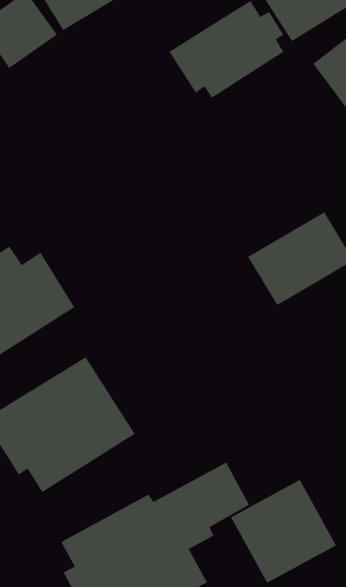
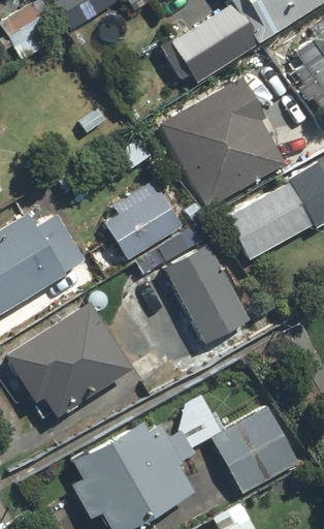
building: none -> [157,71,293,210]
building: none -> [104,182,186,261]
building: none -> [137,227,255,347]

